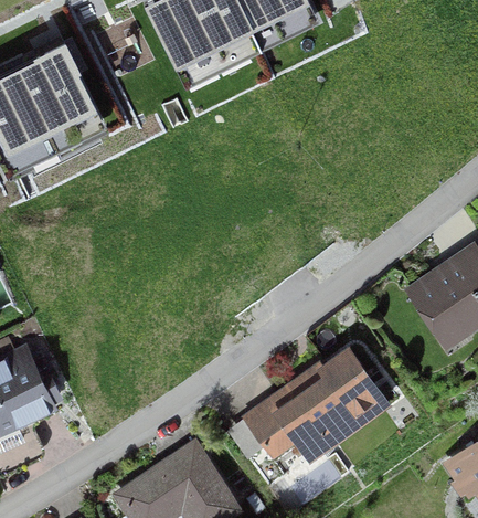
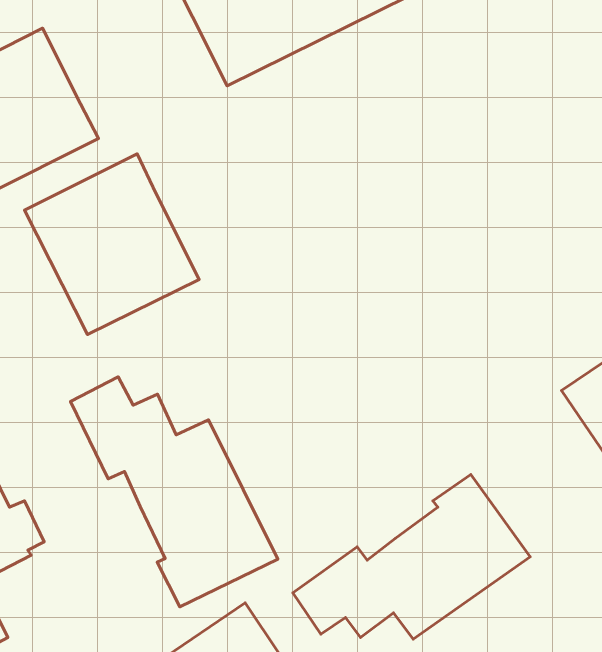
building: none -> [25,154,199,334]
building: none -> [71,377,278,607]

